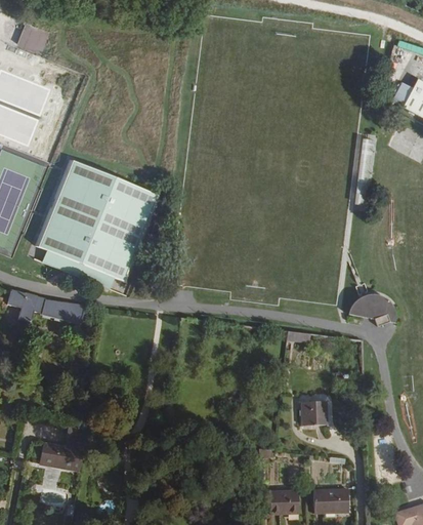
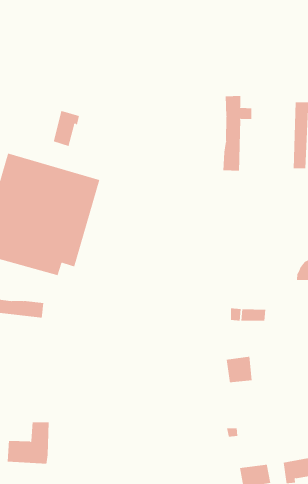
building: none -> [53,110,79,147]
building: none -> [223,95,252,171]
building: [301,405,326,430] -> [226,356,252,383]

